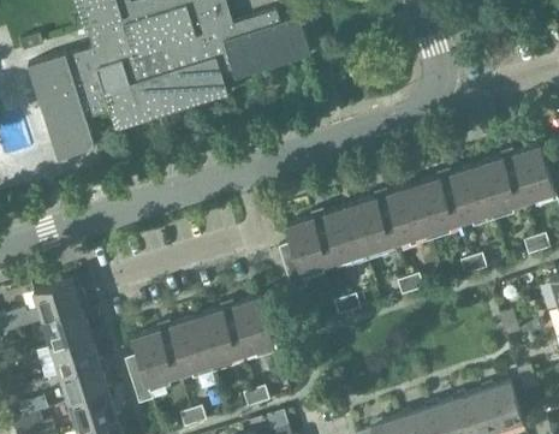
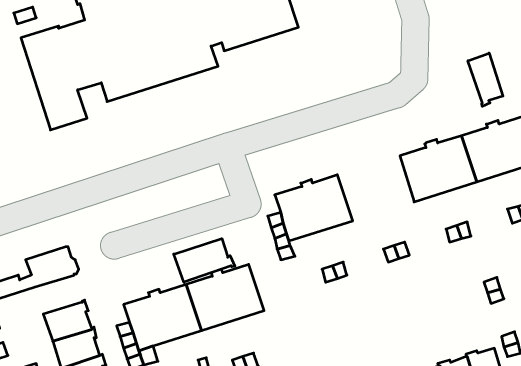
building: none -> [468,53,503,106]
building: [350,188,428,254] -> none
building: none -> [174,239,235,282]
building: [42,308,90,349] -> none

